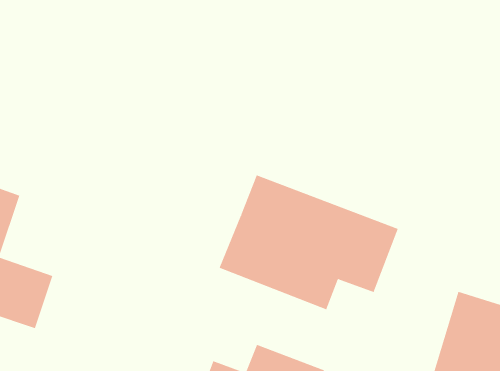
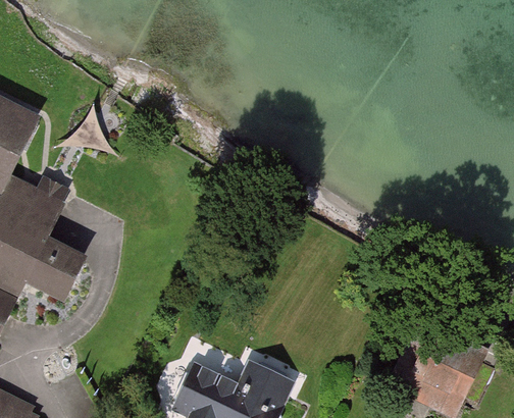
building: [219,174,398,310] -> none

